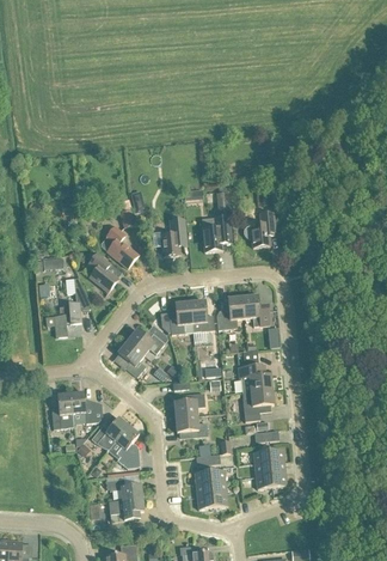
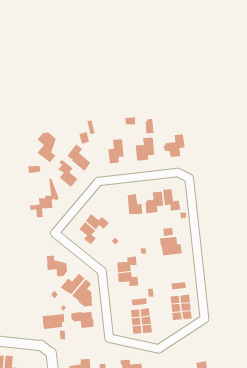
building: none -> [36,132,57,163]
building: [160,303,192,334] -> none
building: [242,389,274,421] -> none
building: [51,392,73,429] -> none
building: [109,498,143,522] -> [42,313,65,330]

